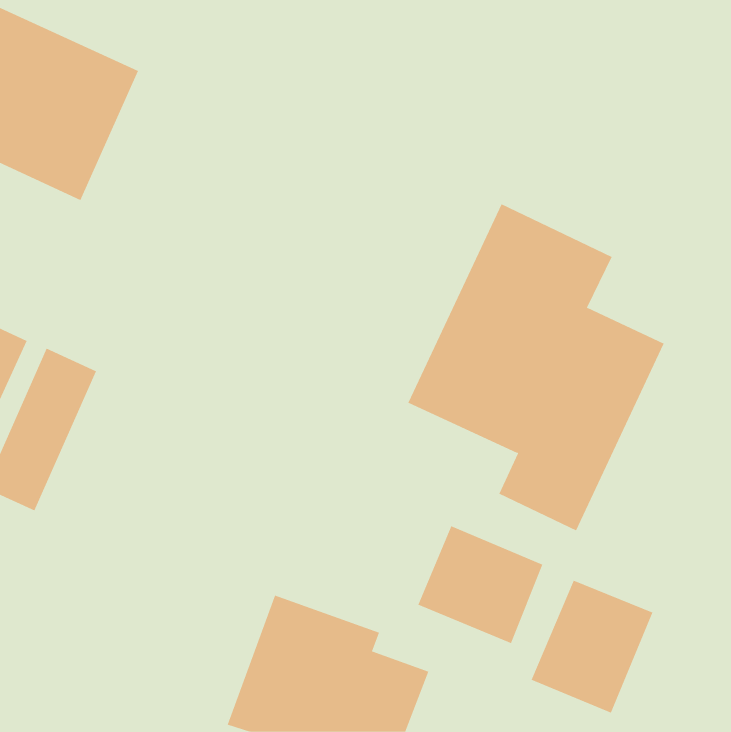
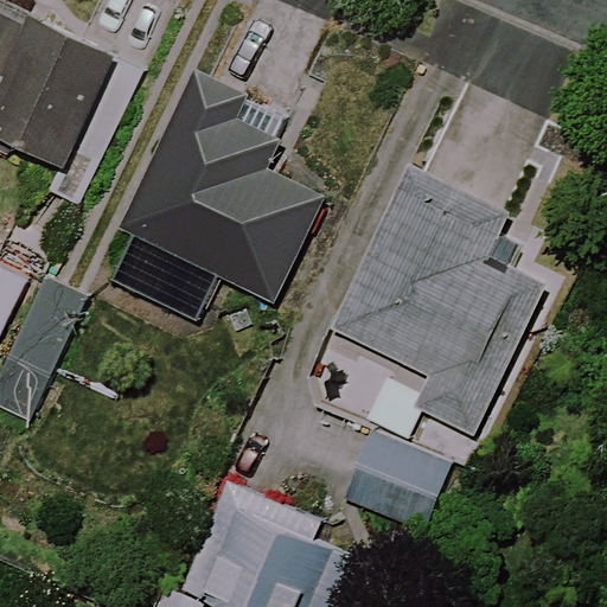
building: none -> [114,109,321,319]
building: [531,580,653,713] -> none

